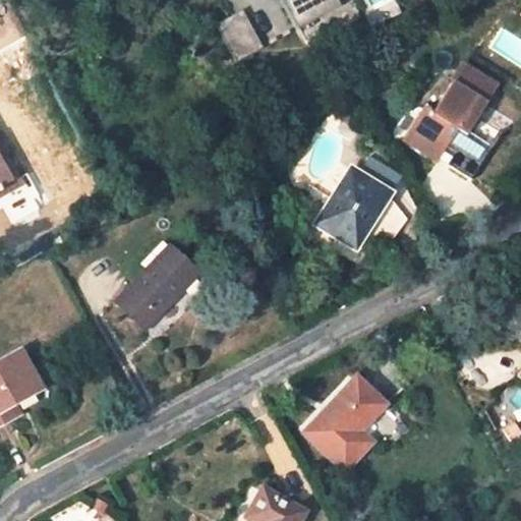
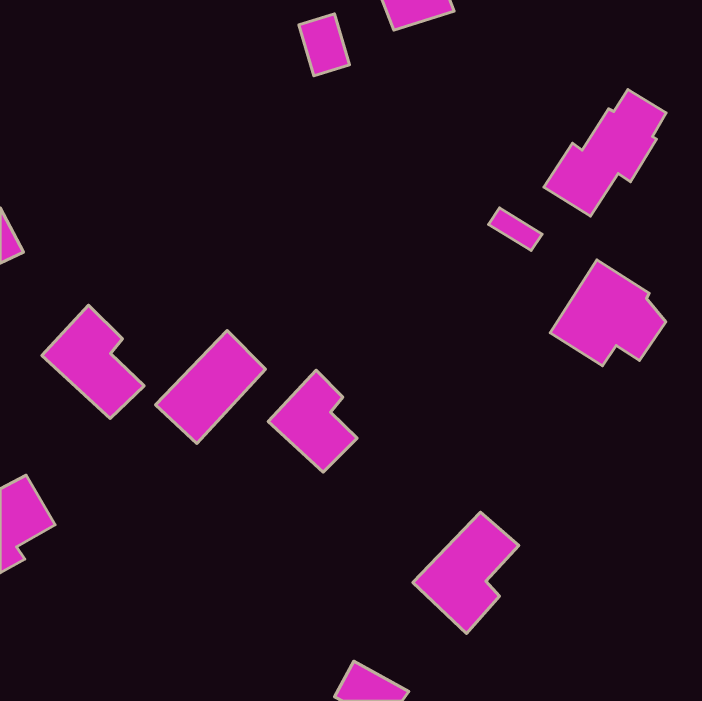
building: [317,167,403,245] -> [550,260,666,366]
building: none -> [42,305,144,419]
building: none -> [268,370,357,472]

